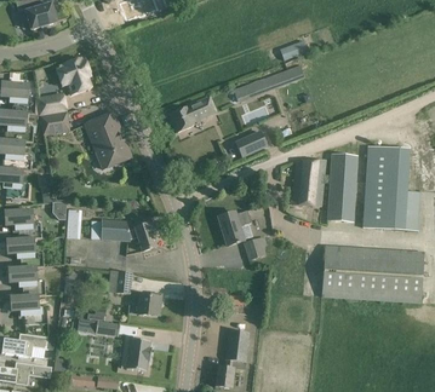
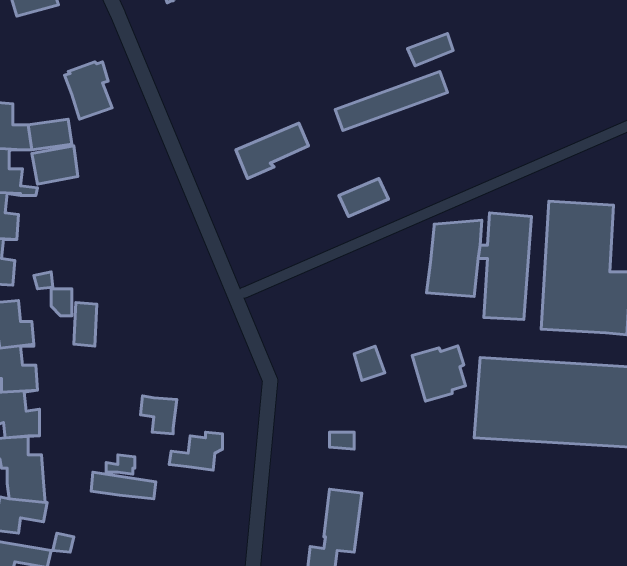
building: [84,111,132,167] -> none
building: [218,209,252,244] -> [412,346,466,401]
building: [101,218,155,249] -> none
building: [122,334,151,370] -> none

